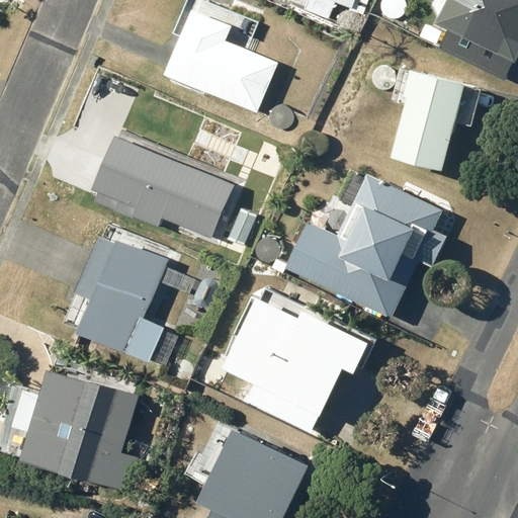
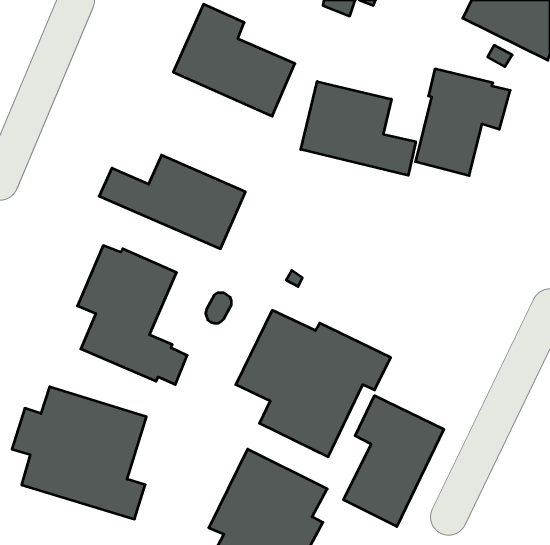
building: none -> [301,81,416,175]
building: [285,175,443,320] -> none
building: none -> [343,396,444,527]

